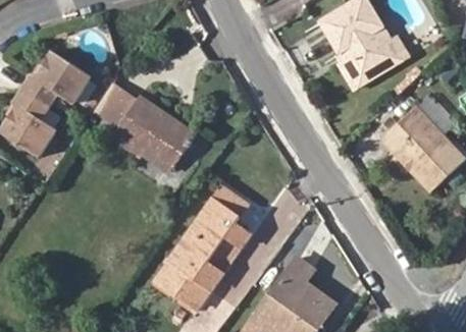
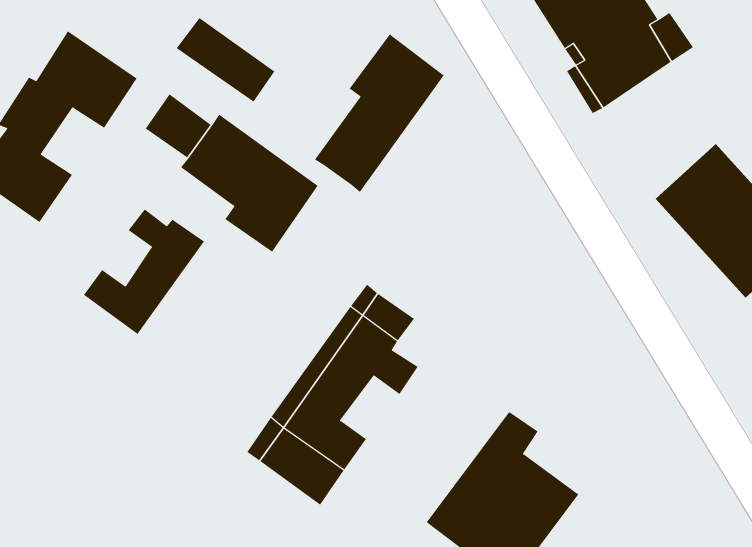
building: none -> [176,17,275,102]
building: none -> [314,34,445,193]
building: none -> [83,208,205,335]

